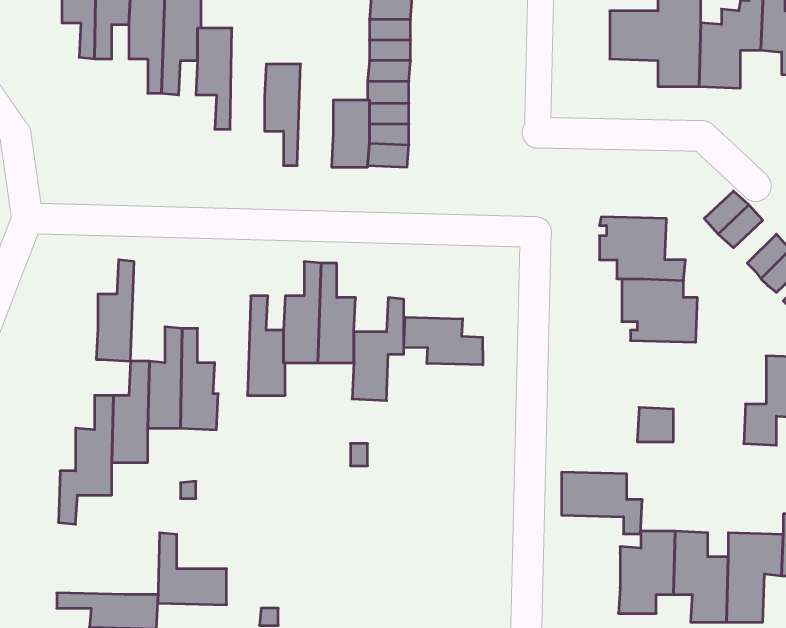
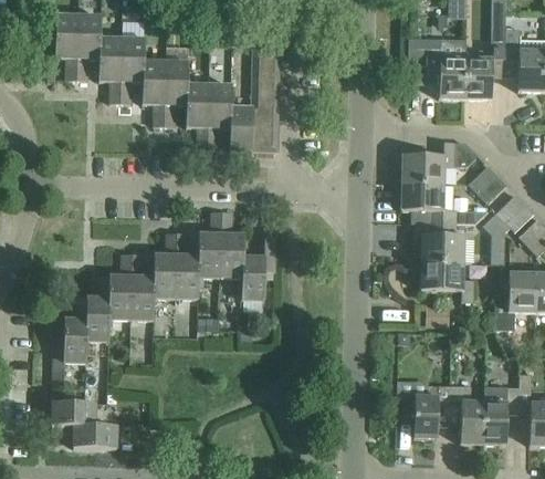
building: none -> [164,60,188,126]
building: none -> [207,83,232,148]
building: none -> [402,140,478,183]
building: [96,260,134,361] -> [153,231,177,296]
building: none -> [484,211,510,262]
building: [404,317,483,365] -> none
building: [562,472,642,534] -> [421,261,473,301]
building: [158,533,227,605] -> [52,378,96,425]

